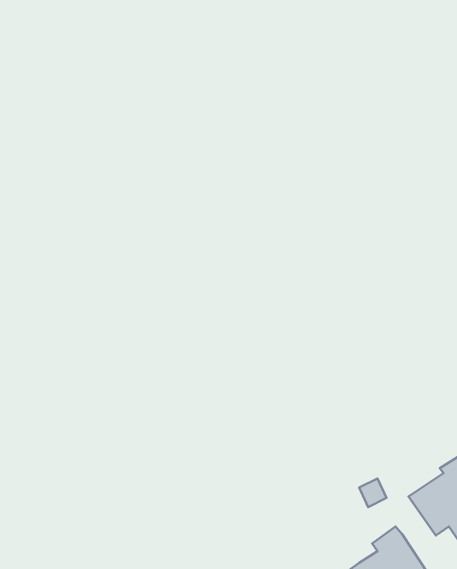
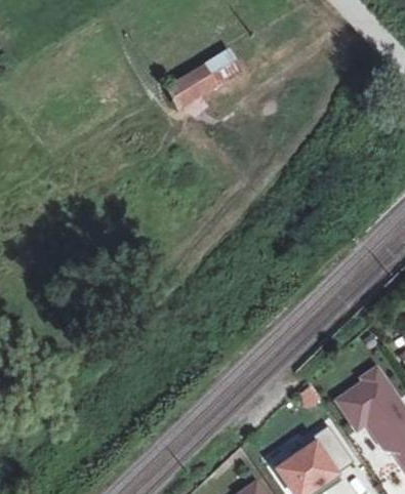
building: none -> [167,53,235,106]

